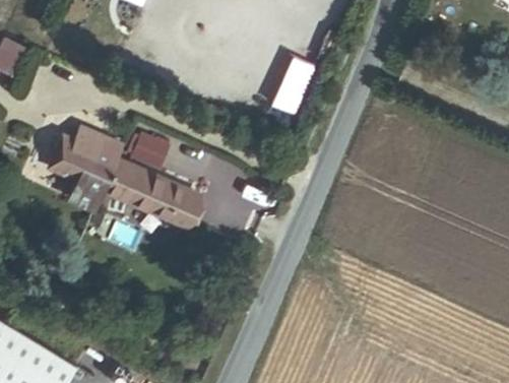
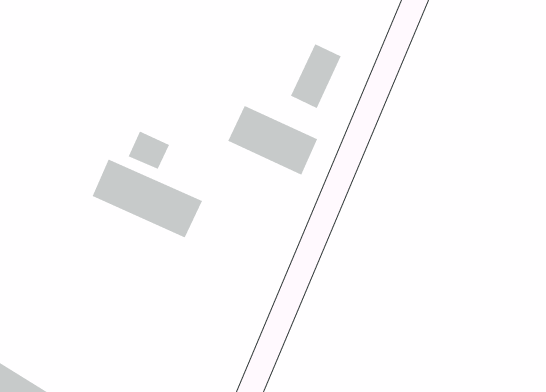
building: none -> [228,105,318,176]
building: [45,127,120,210] -> none

